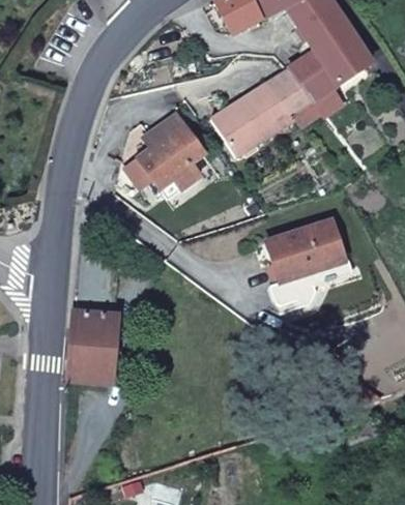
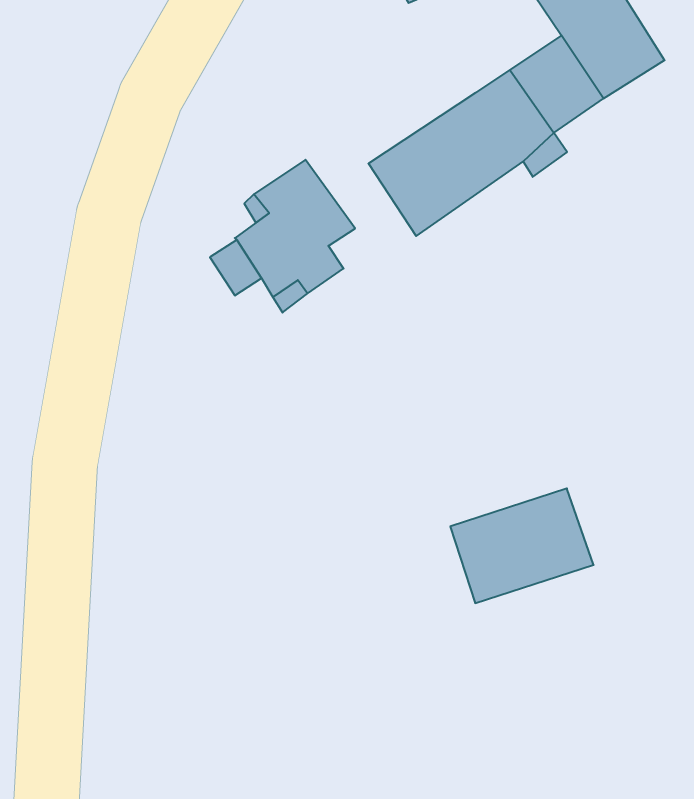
building: [267,219,345,281] -> [450,488,594,603]
building: [68,309,116,387] -> none

